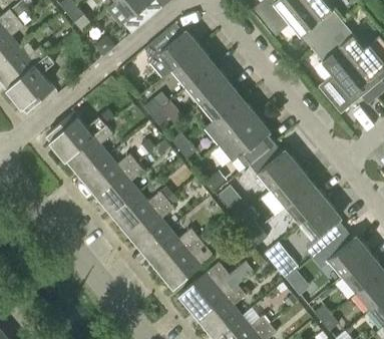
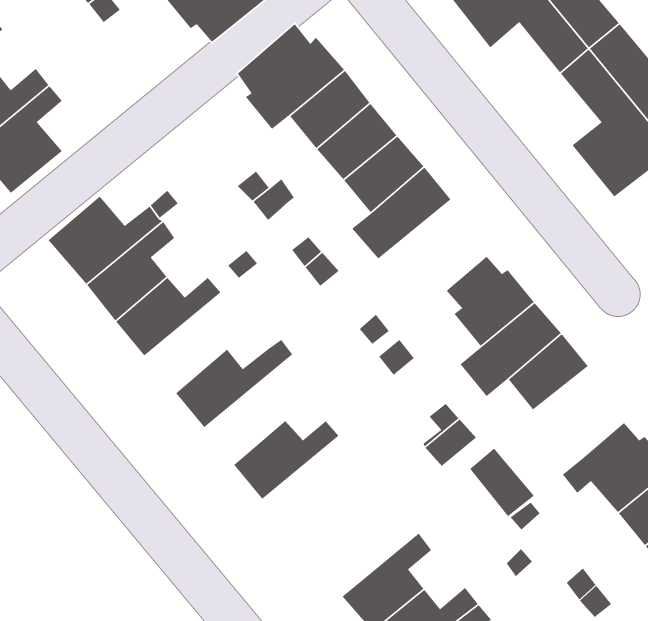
building: [218,114,274,167] -> none
building: [96,162,143,215] -> none
building: [127,195,174,252] -> none
building: [298,201,345,257] -> none
building: [157,237,205,289] -> none
building: [178,263,234,320] -> none

